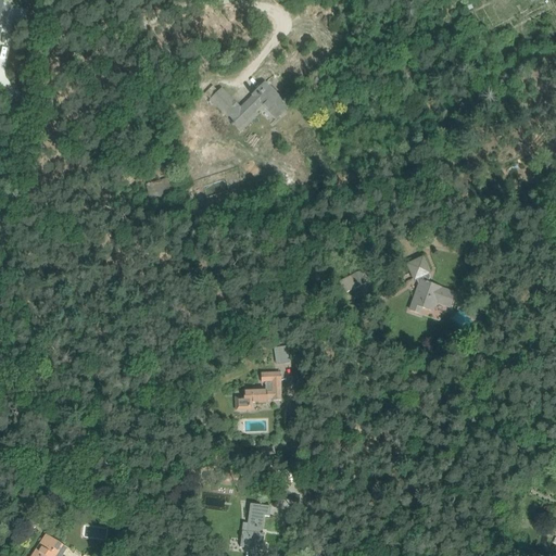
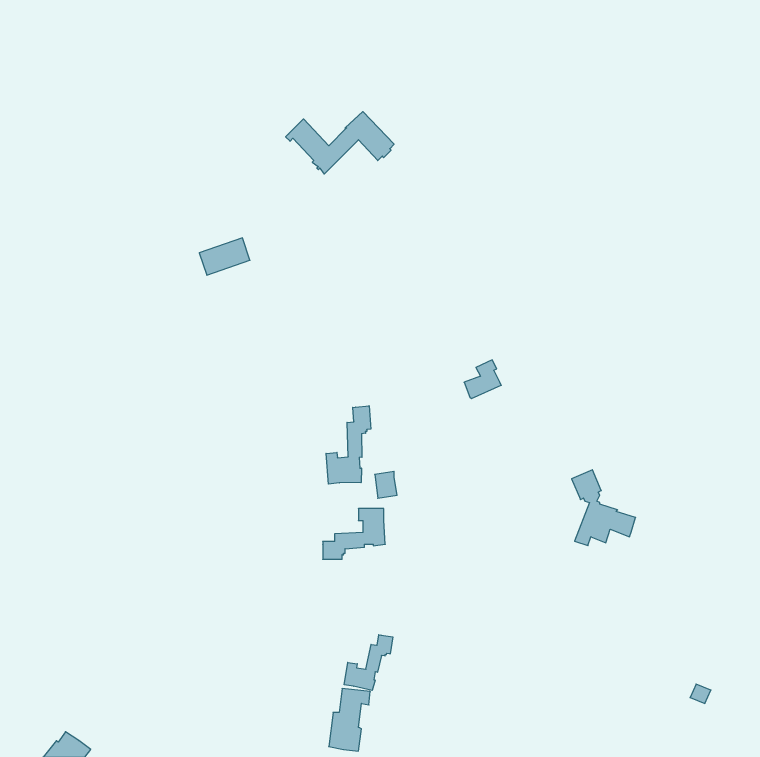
building: [407,256,454,312] -> [572,470,636,546]
building: none -> [326,406,371,484]
building: none -> [344,635,393,690]

